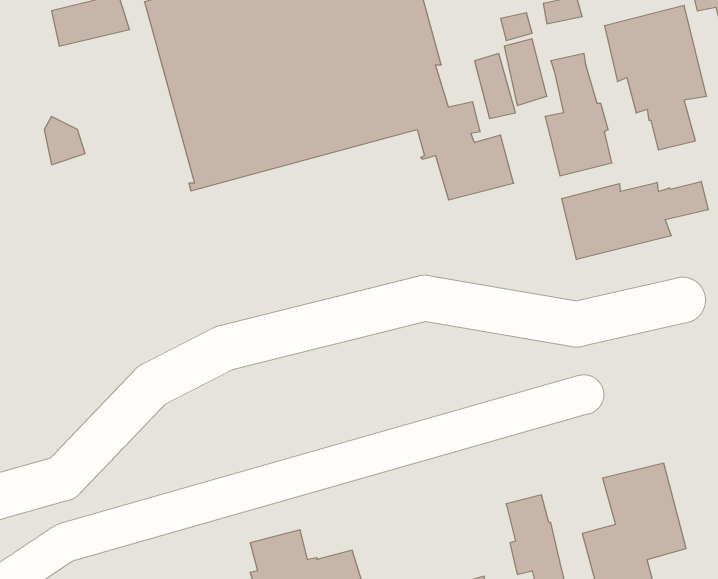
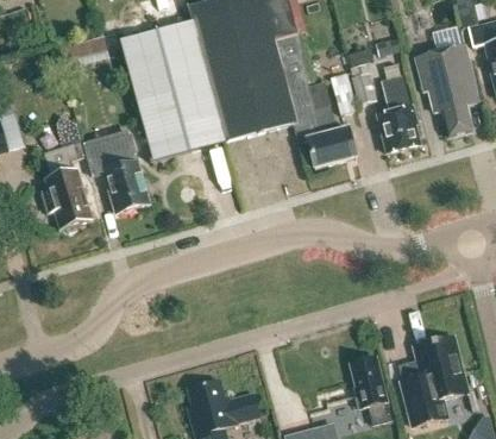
building: none -> [82,131,147,211]
building: none -> [38,143,90,231]
building: [562,181,708,260] -> none

